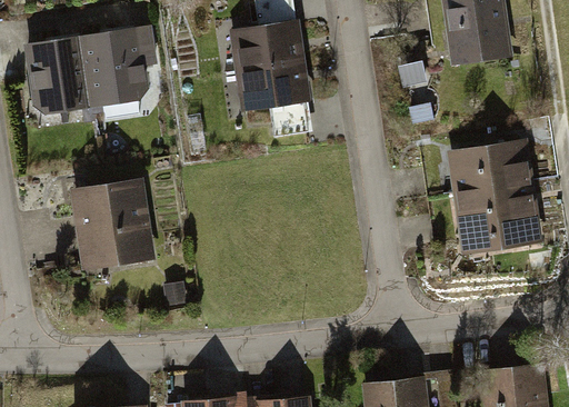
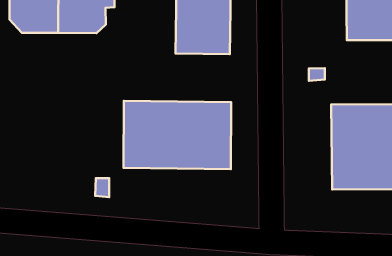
building: none -> [123,101,231,169]
building: [71,180,156,270] -> none

